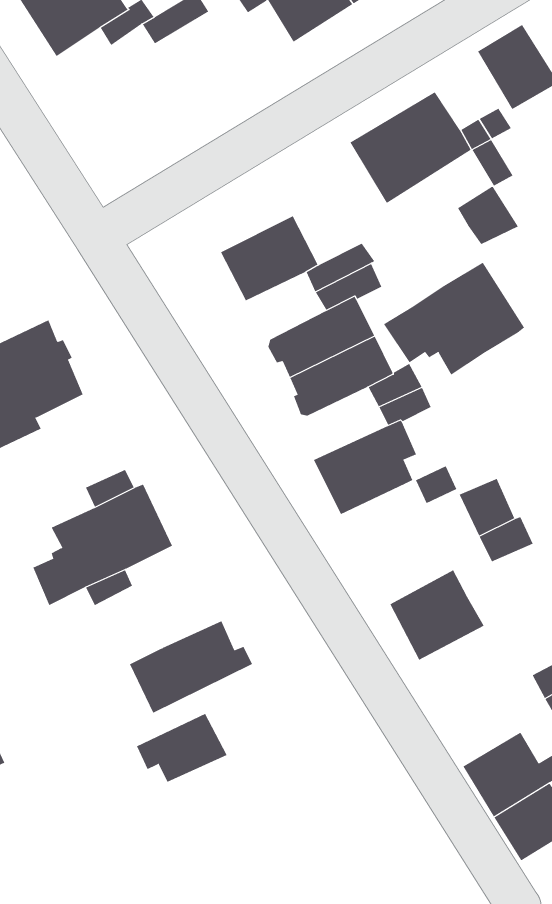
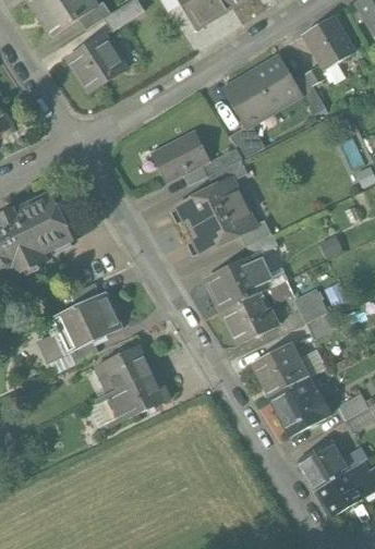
building: none -> [65,33,126,92]
building: [457,186,519,245] -> [229,123,266,158]
building: [383,262,525,375] -> none
building: none -> [222,291,277,343]
building: none -> [269,375,331,436]
building: [136,713,227,783] -> [97,347,152,389]

